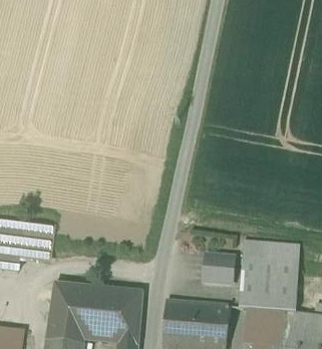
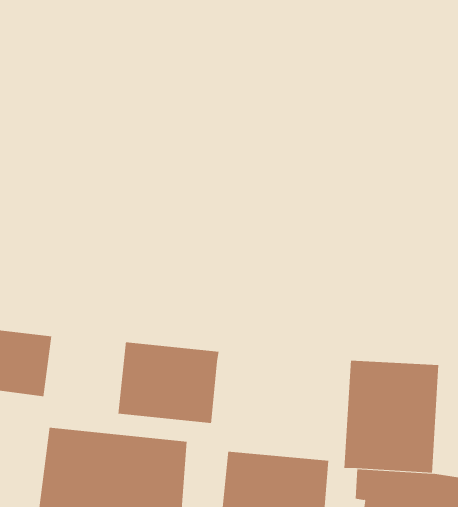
building: none -> [118,342,219,424]
building: [201,251,236,286] -> none

